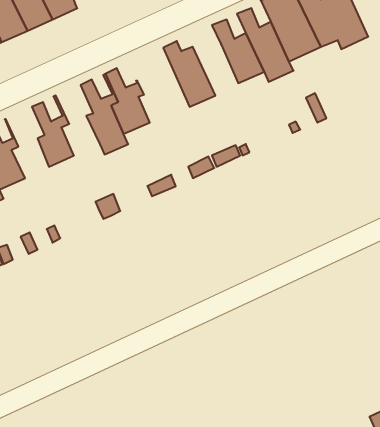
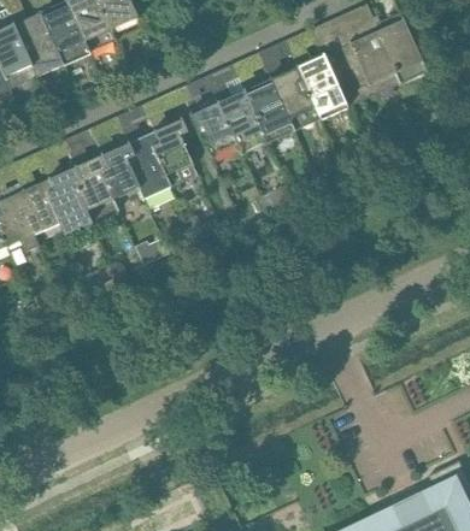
building: none -> [237,65,295,144]
building: none -> [184,89,239,159]
building: none -> [96,124,143,199]
building: none -> [43,147,92,228]

